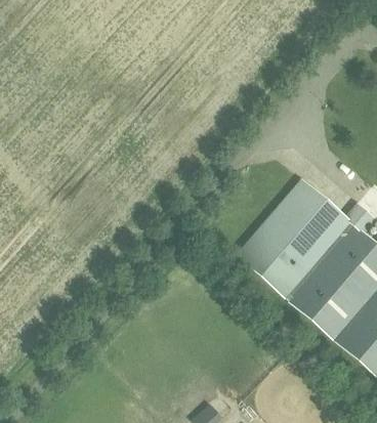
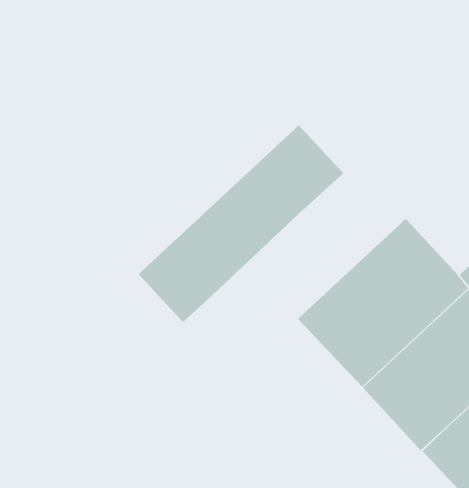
building: none -> [138,125,344,323]

